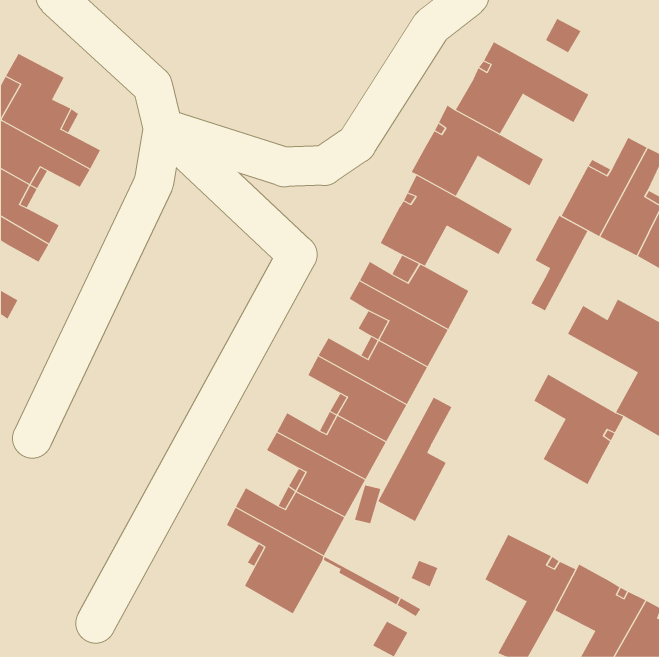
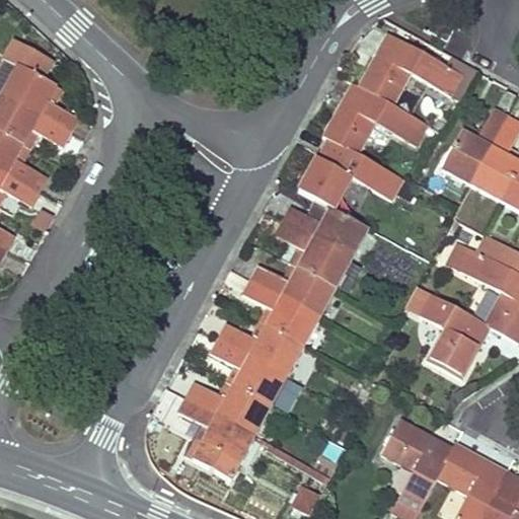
building: [531,215,588,311] -> none
building: [377,397,452,522] -> none

